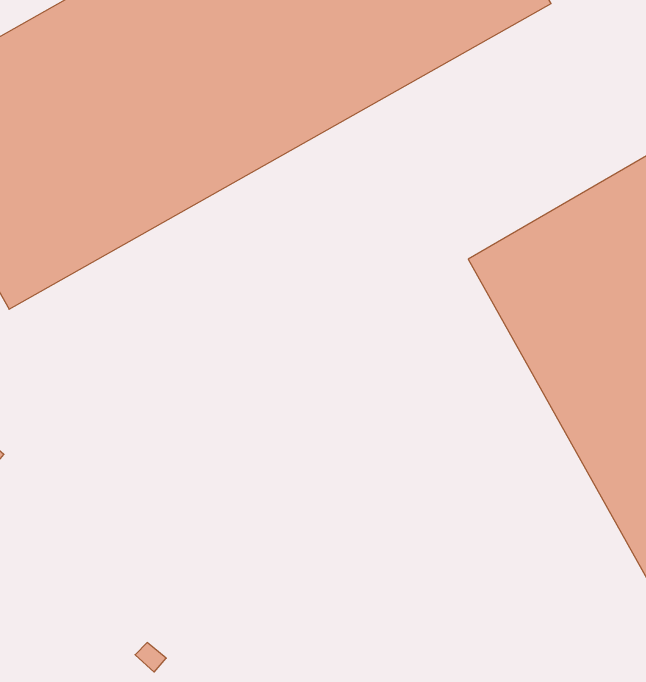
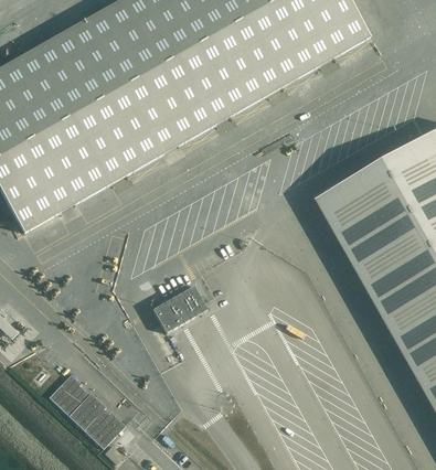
building: none -> [153,284,209,331]
building: none -> [50,372,126,447]

